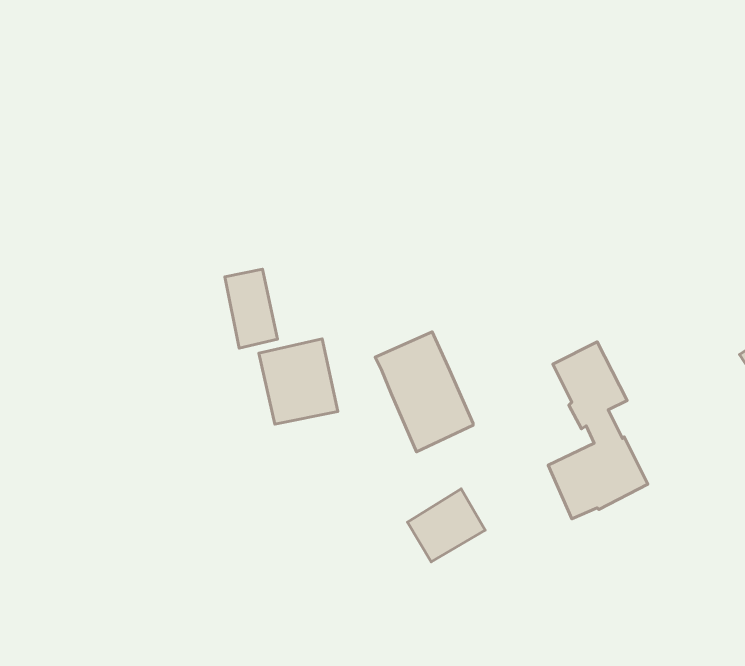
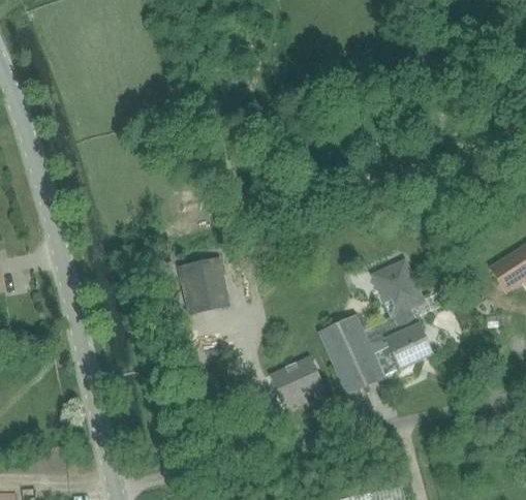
building: [225,269,278,348] -> none
building: [375,332,473,452] -> [318,315,382,394]

